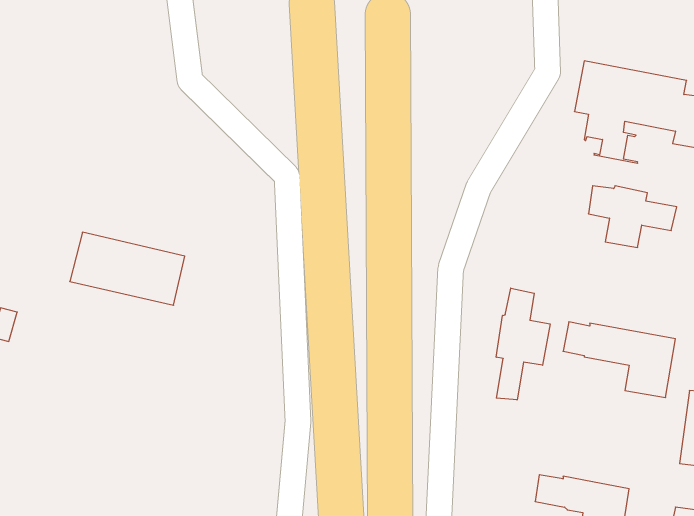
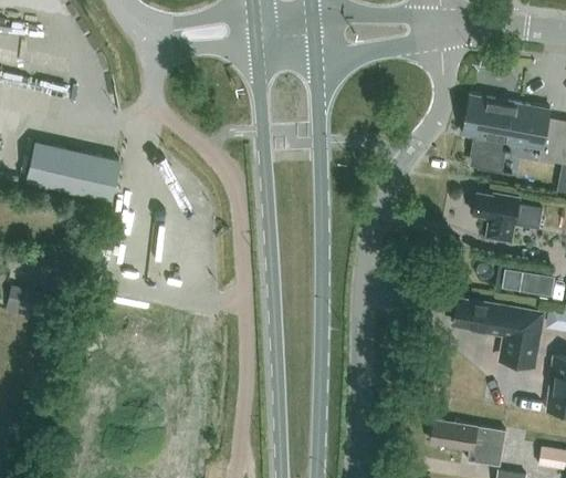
building: [70,232,185,305] -> [28,143,118,200]
building: none -> [502,269,552,294]
building: [496,288,550,400] -> none

